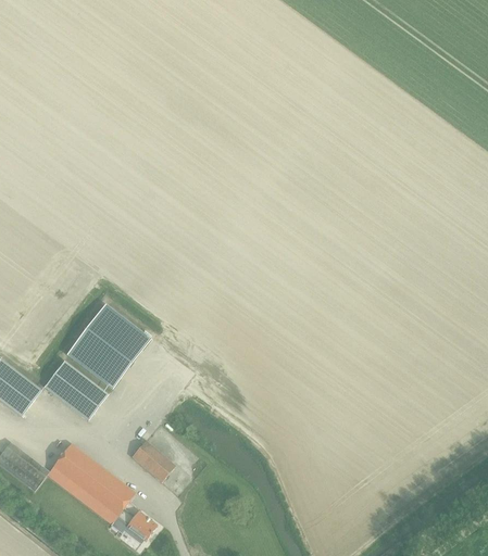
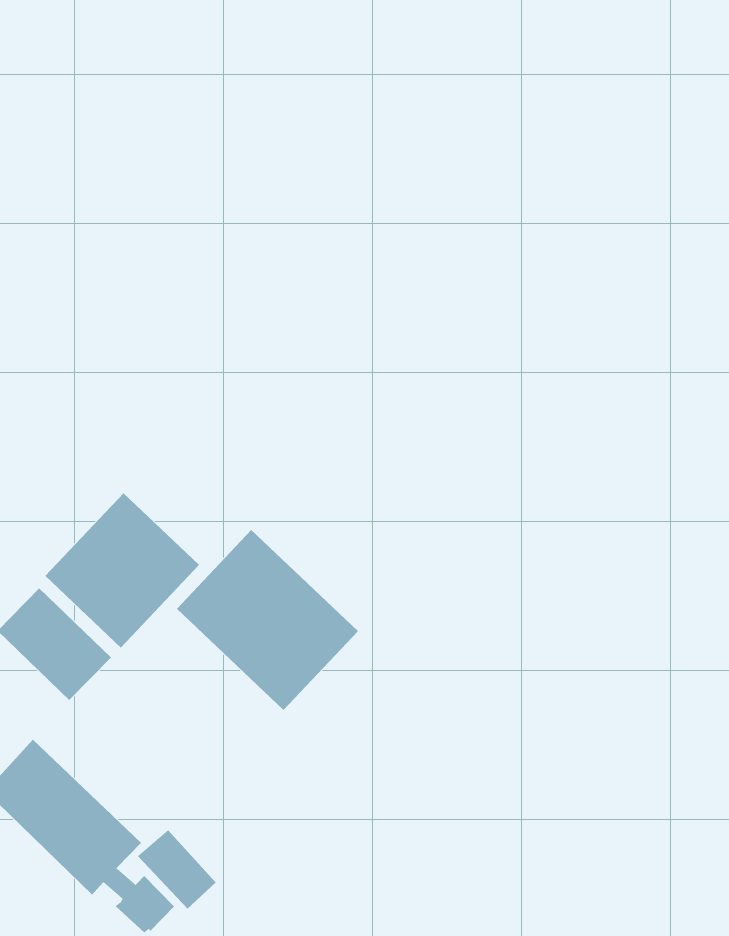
building: none -> [176,529,359,711]
building: [130,439,175,481] -> [137,829,216,910]

